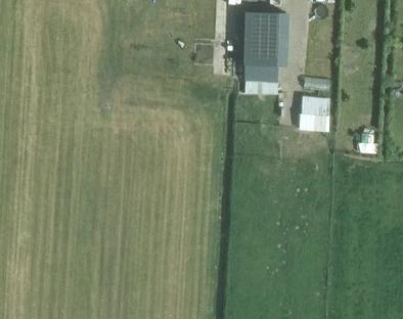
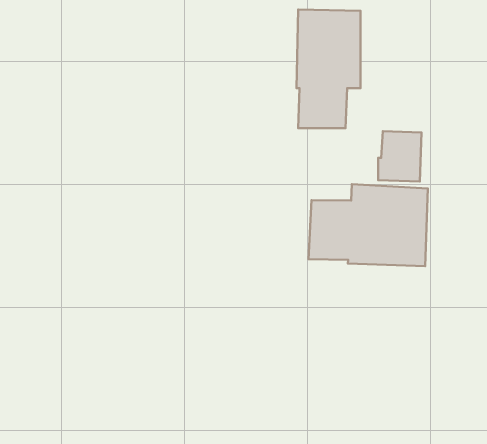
building: none -> [309,184,428,266]

